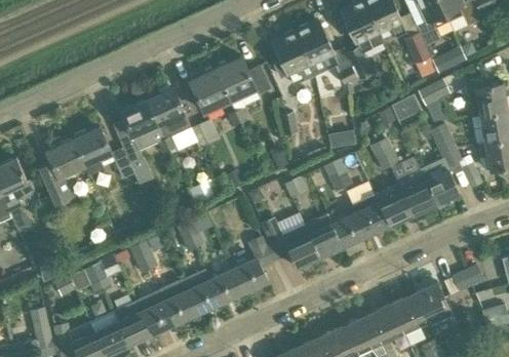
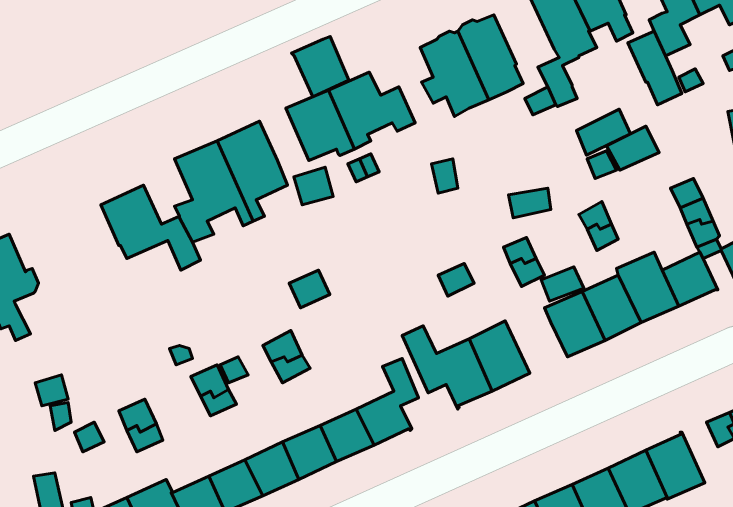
building: none -> [291,37,349,97]
building: [420,80,454,109] -> [577,109,631,155]
building: [40,141,84,203] -> none
building: [326,212,365,246] -> none

